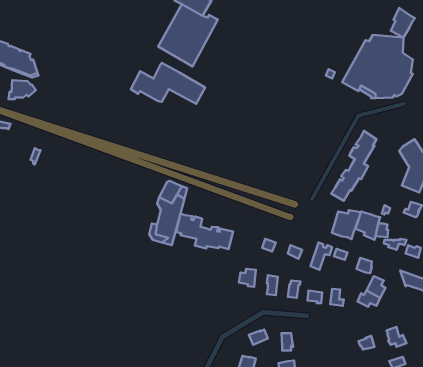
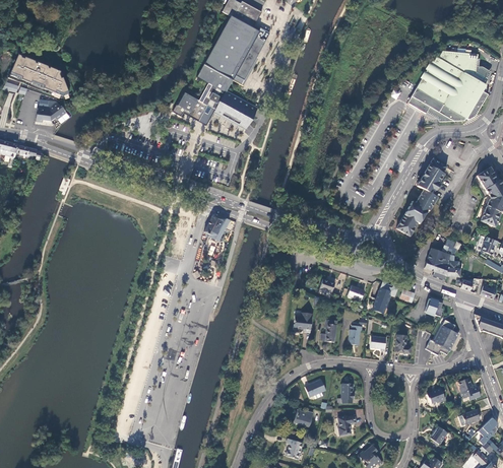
building: [391,8,415,38] -> none
building: none -> [195,63,233,91]
building: [332,210,361,239] -> none
building: [176,213,233,249] -> none

